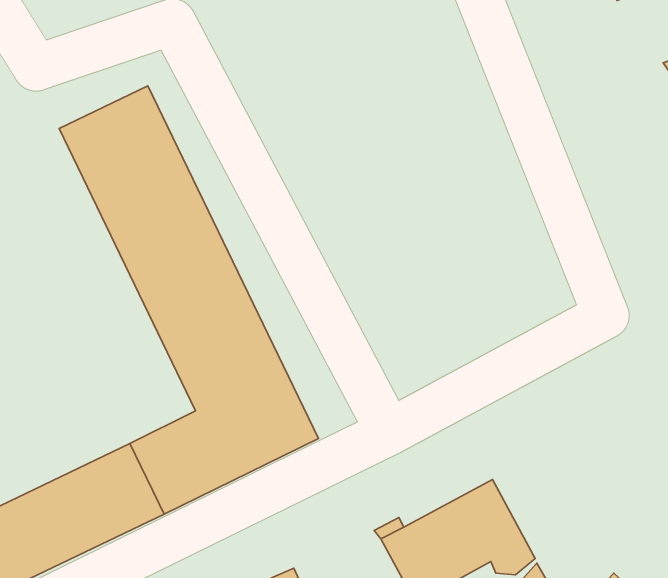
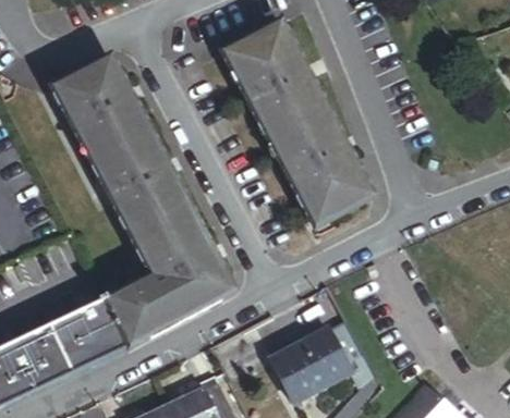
building: none -> [229,19,374,221]

